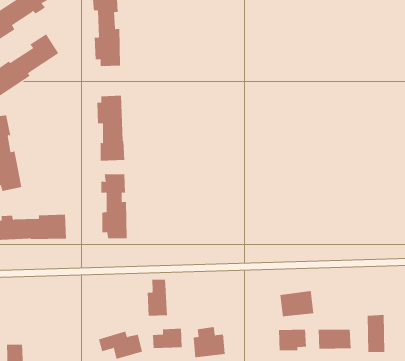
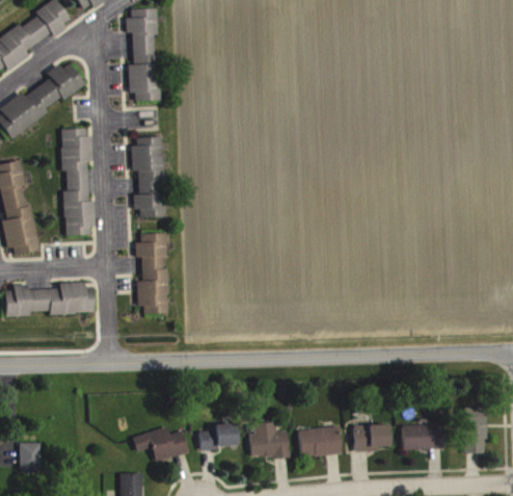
building: none -> [59,128,95,235]
building: [147,279,167,317] -> none
building: [280,291,314,317] -> [298,425,341,458]

